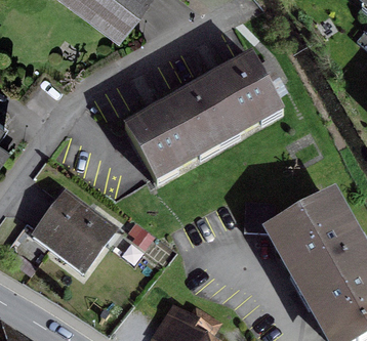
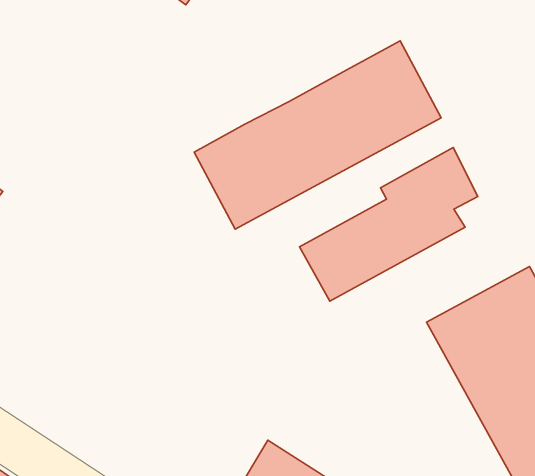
building: none -> [299,148,478,301]
building: [30,188,118,273] -> none

